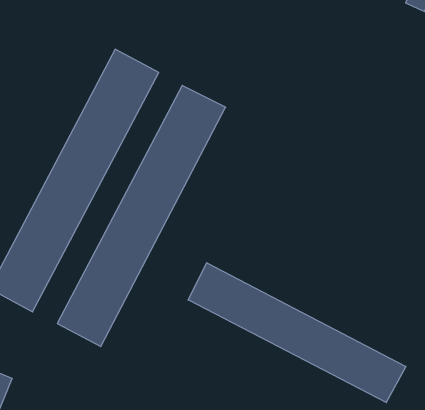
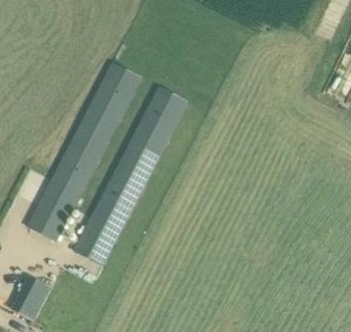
building: [188,263,406,403] -> none

